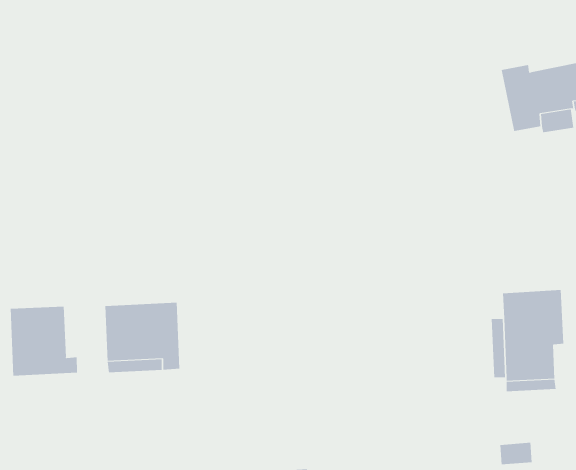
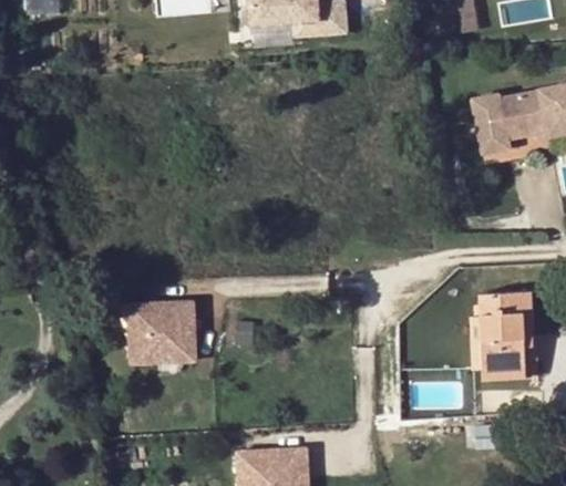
building: [10,306,78,377] -> none

